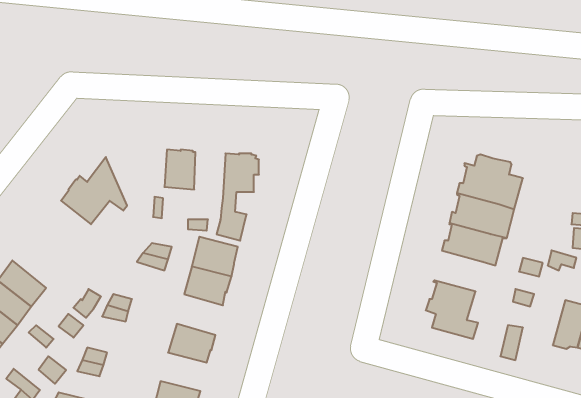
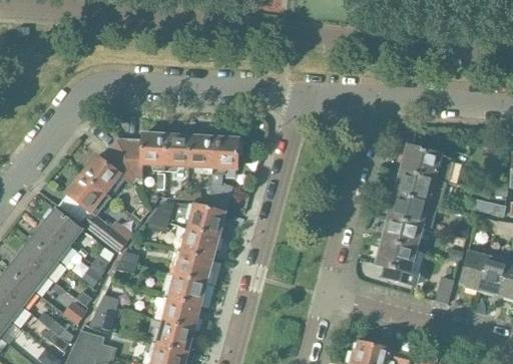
building: none -> [118,132,167,179]
building: none -> [189,135,214,173]
building: none -> [68,175,135,251]
building: none -> [43,209,82,246]
building: none -> [383,216,422,249]
building: none -> [459,250,488,292]
building: none -> [175,251,212,284]
building: none -> [162,298,199,329]

